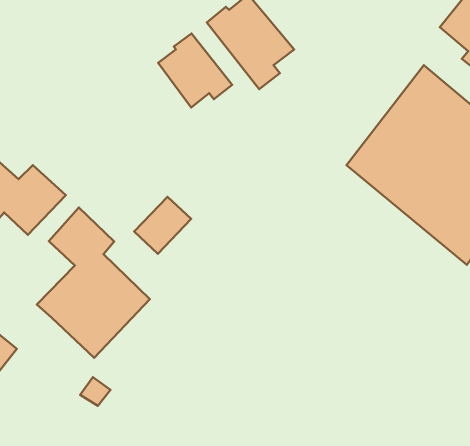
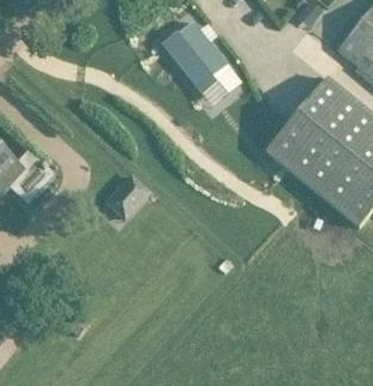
building: [158,33,232,108] -> none
building: [37,208,150,358] -> none

